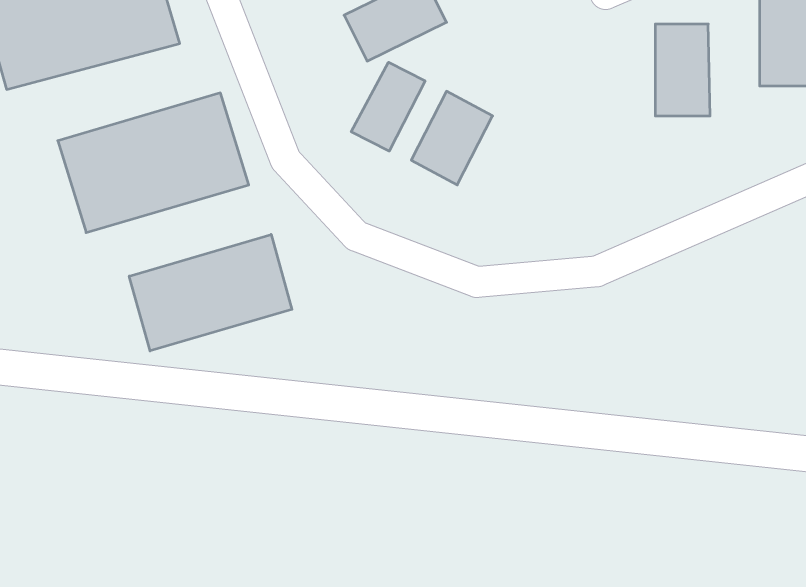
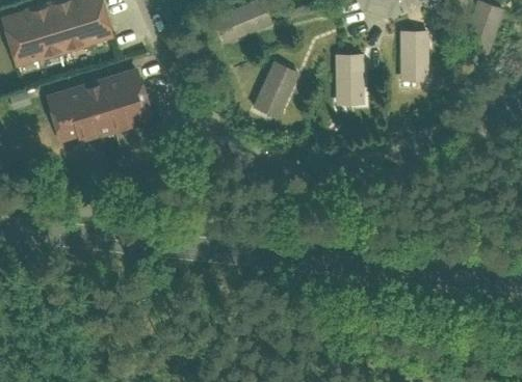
building: [351,62,425,151] -> none
building: none -> [335,54,368,106]
building: [129,234,292,351] -> none

